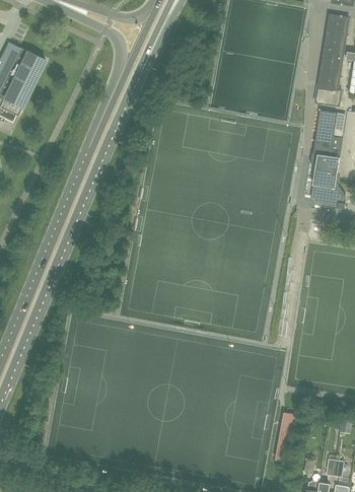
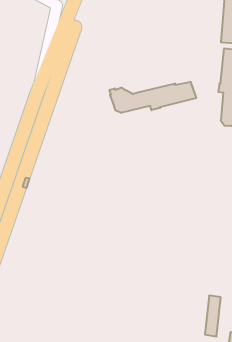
building: none -> [110,82,196,113]

